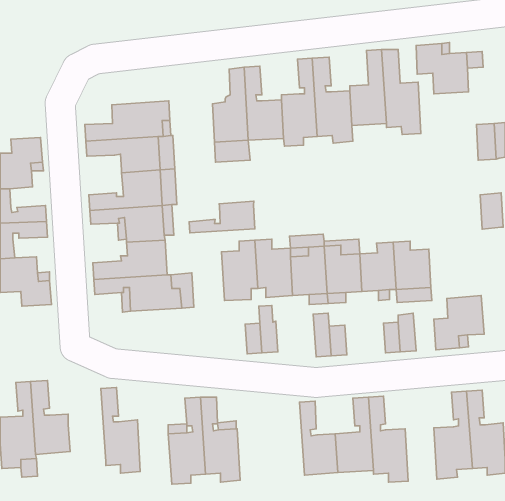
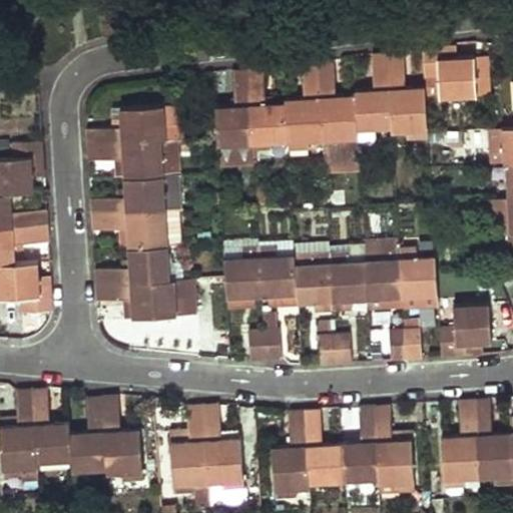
building: [189,201,255,233] -> none
building: none -> [69,398,107,474]
building: none -> [271,412,309,501]

